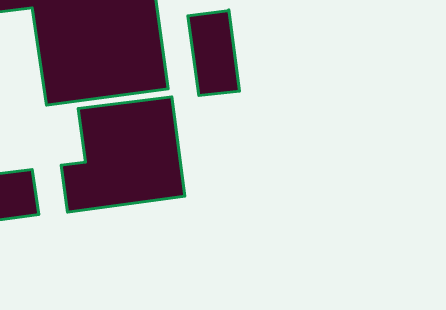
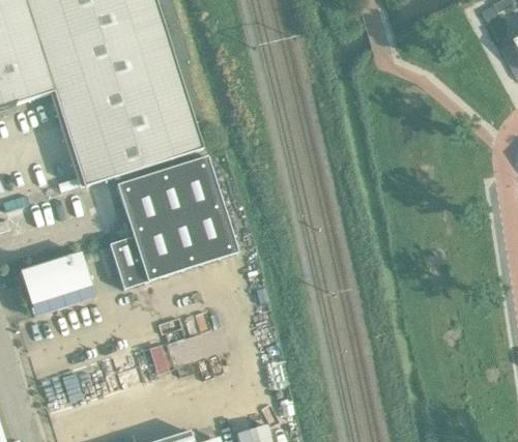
building: [188,10,239,95] -> none

